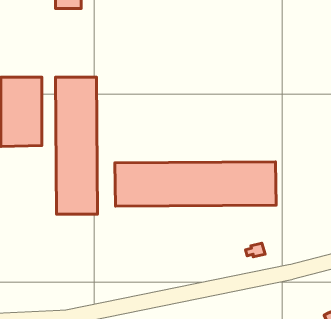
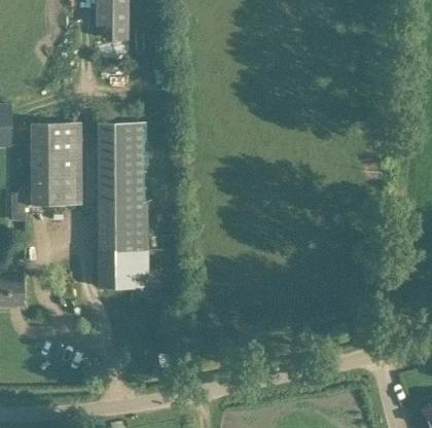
building: [115,162,276,206] -> none

